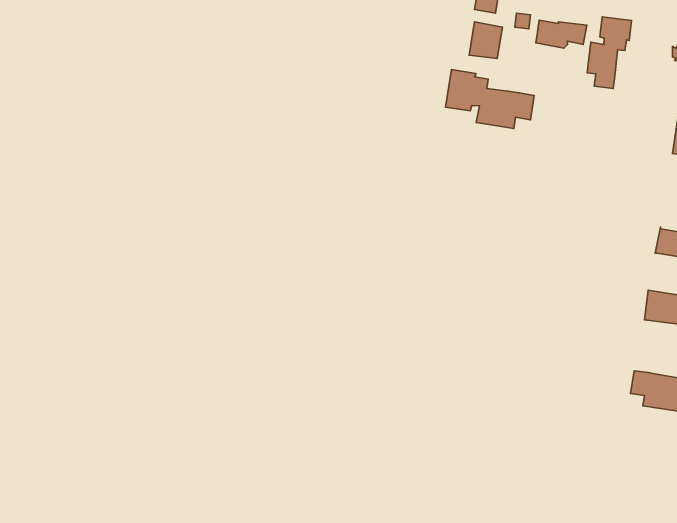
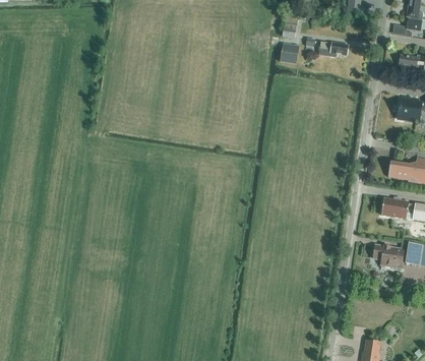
building: [587,17,632,88] -> none
building: [446,70,534,129] -> none

